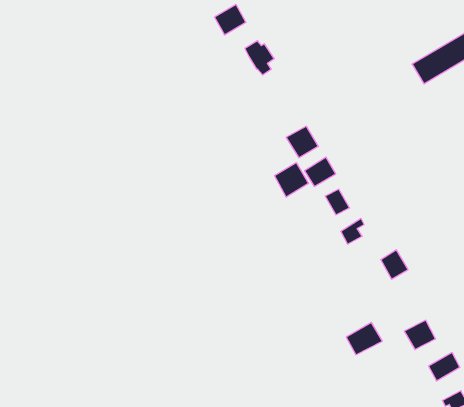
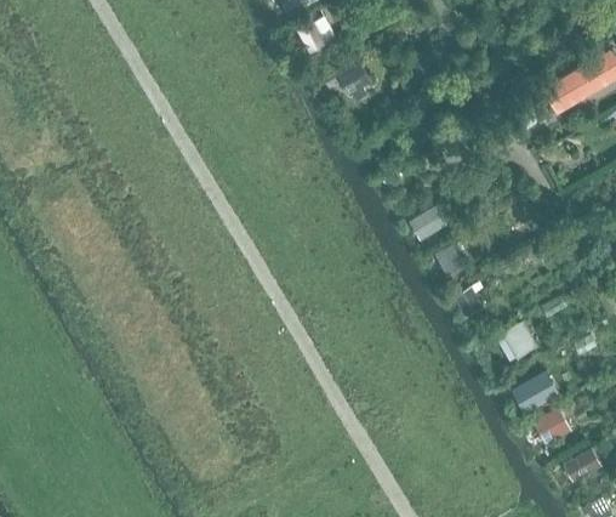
building: [286,126,318,158] -> none
building: [275,163,308,197] -> none
building: [346,322,382,355] -> [514,371,559,411]

